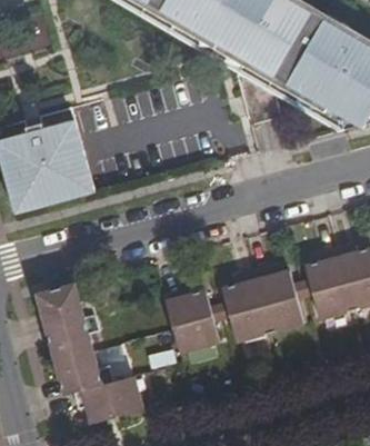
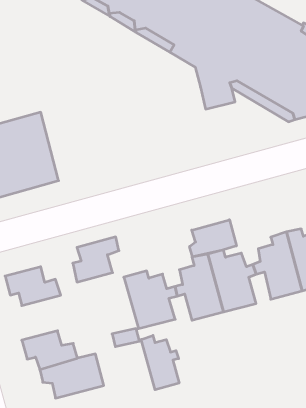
building: none -> [190,220,236,257]
building: [50,314,99,361] -> [73,237,119,282]
building: none -> [141,335,179,390]

